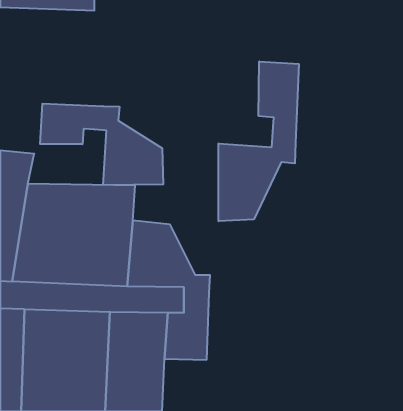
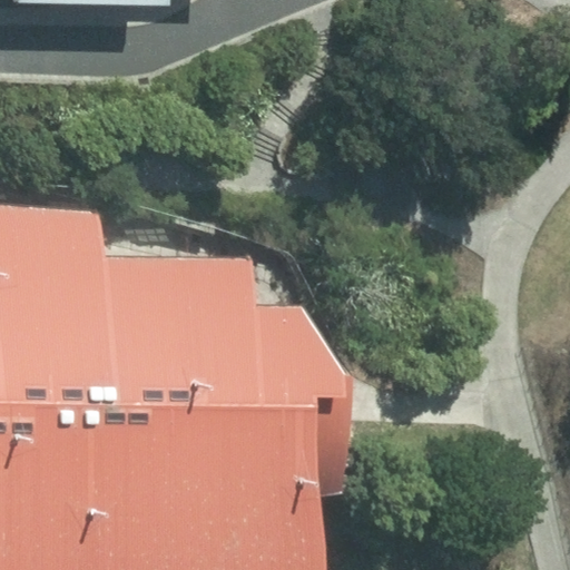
building: [219,61,299,221] -> none
building: [40,104,163,185] -> none

